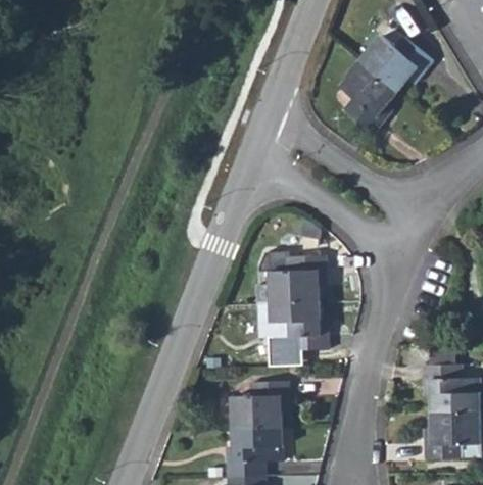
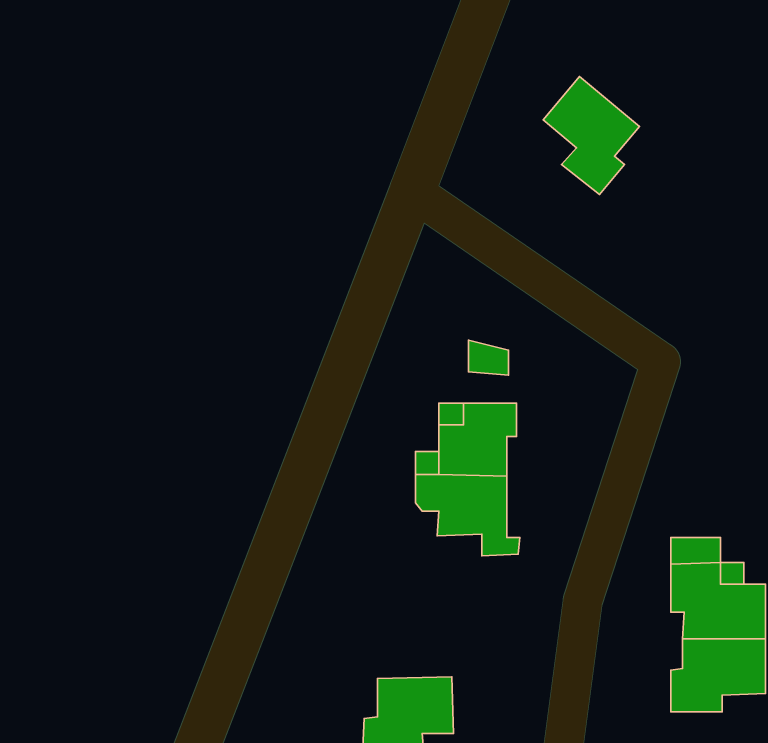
building: [361,37,433,92] -> none
building: [237,385,291,432] -> none

